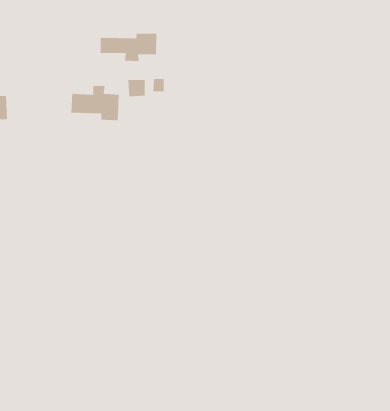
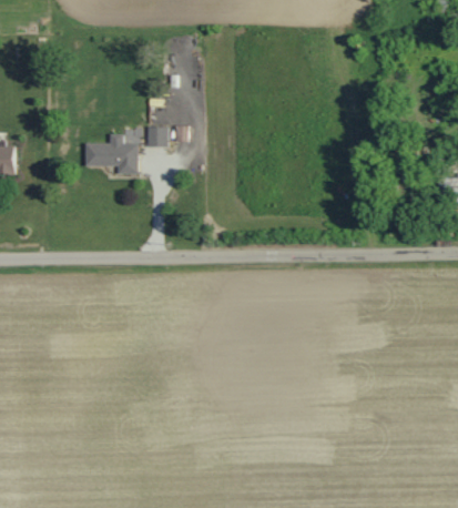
building: [100,33,157,62] -> none

